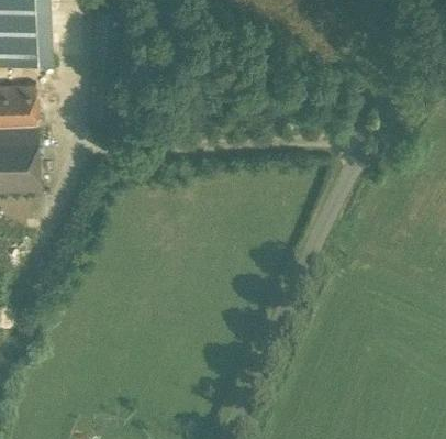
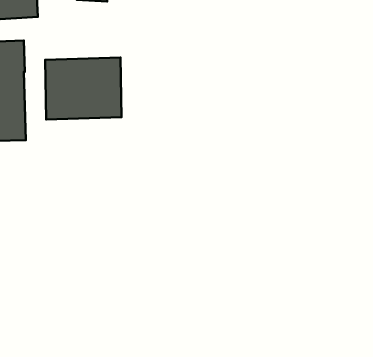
building: none -> [45,58,122,120]

